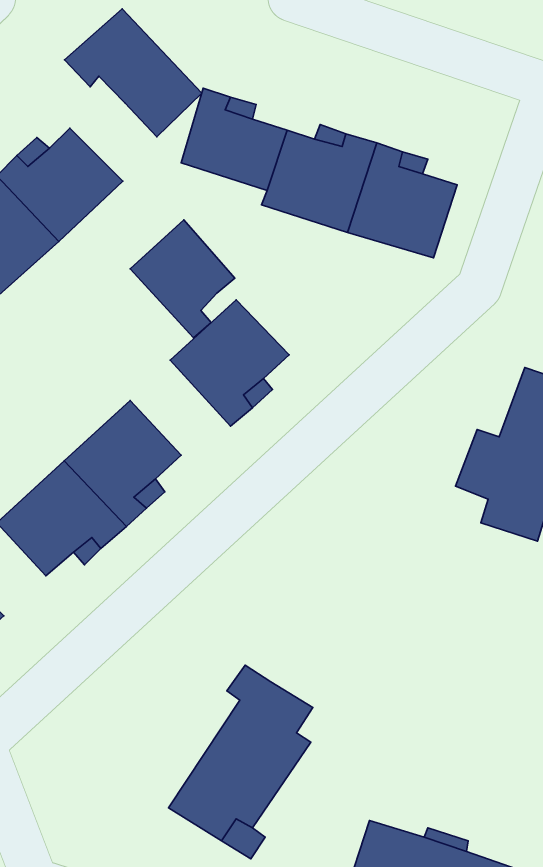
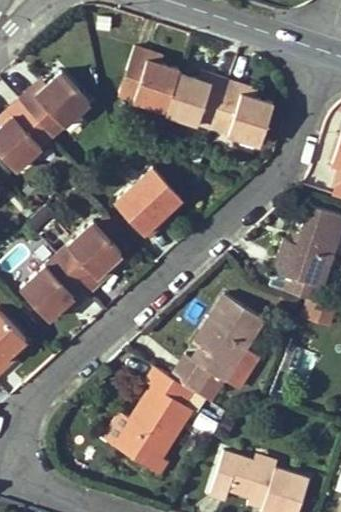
building: [64,9,202,137] -> none
building: [130,220,235,338] -> none
building: none -> [170,296,264,395]

